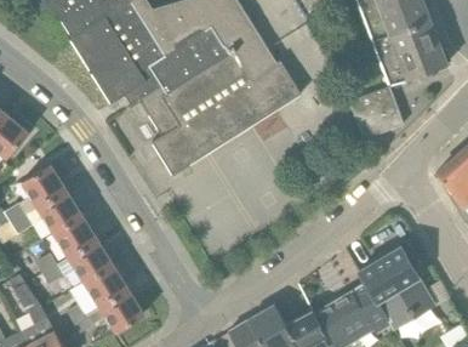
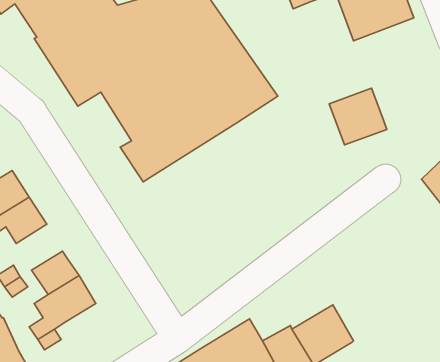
building: [372,19,446,86] -> none
building: [53,215,97,258] -> none
building: [353,246,434,334] -> none
building: [101,290,144,332] -> none

